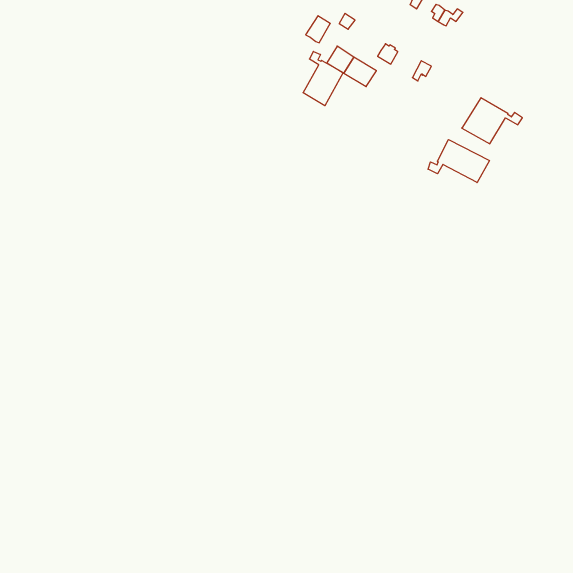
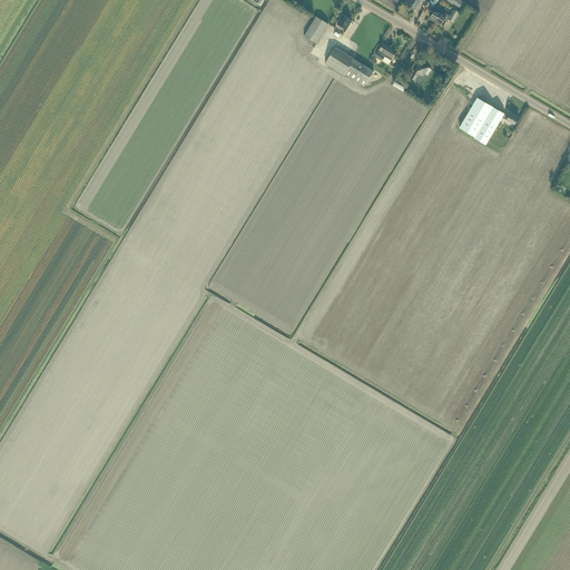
building: [303,51,343,106] -> none
building: [428,140,489,183] -> none

